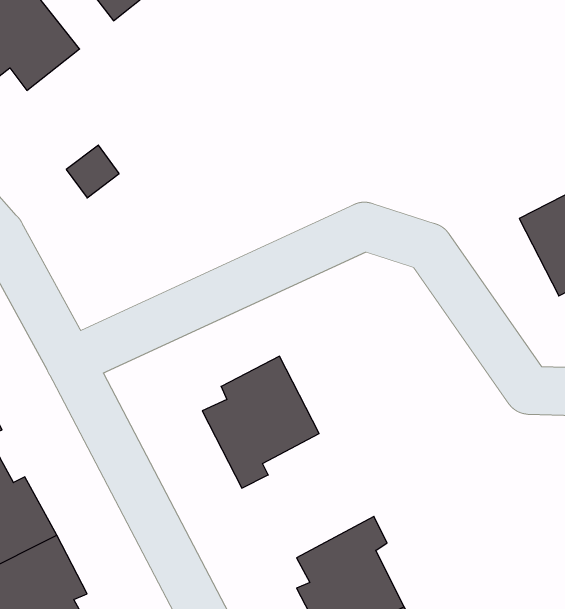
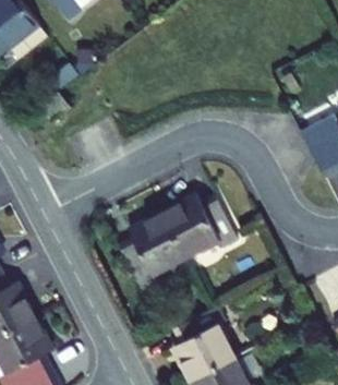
building: none -> [164,196,239,258]

